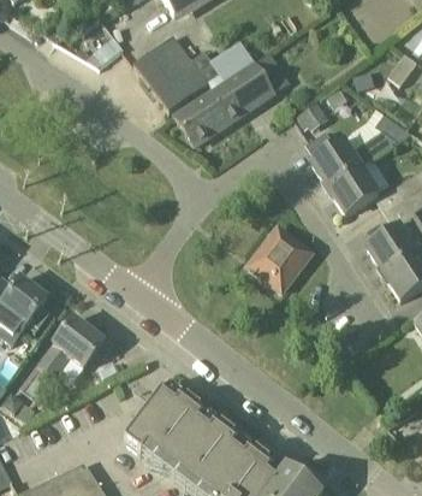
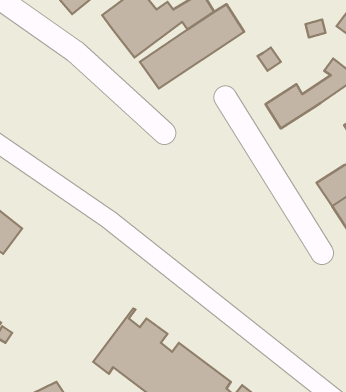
building: [327,167,378,215] -> none
building: [243,213,317,288] -> none
building: [38,318,105,378] -> none

